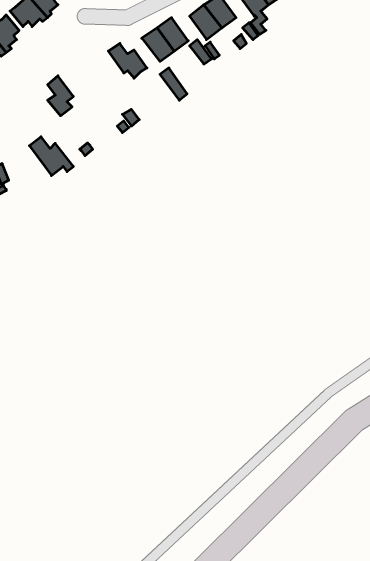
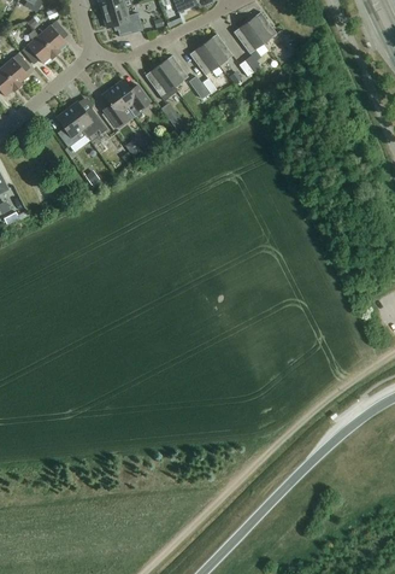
building: none -> [102,87,128,127]
building: [29,137,73,176] -> [66,101,107,137]

